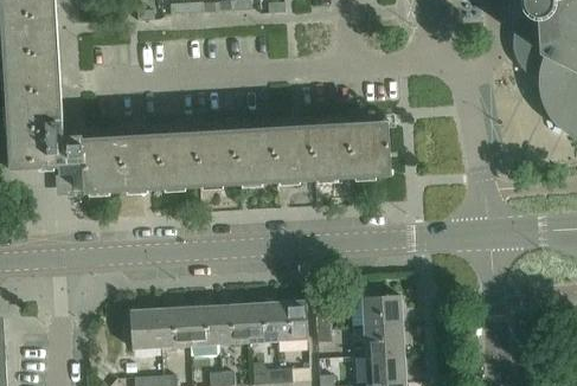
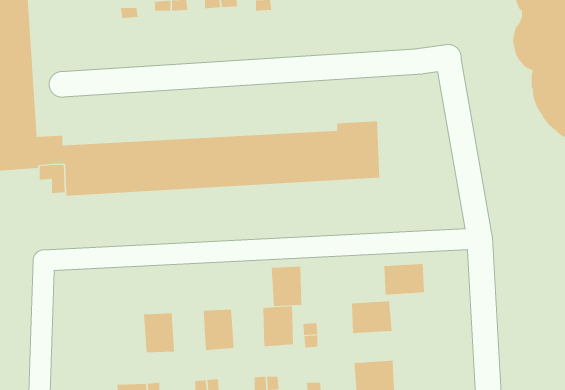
building: [246,302,277,341] -> [271,266,302,306]
building: [188,304,220,345] -> none
building: [130,308,162,348] -> none
building: [364,324,404,355] -> [384,263,425,295]

